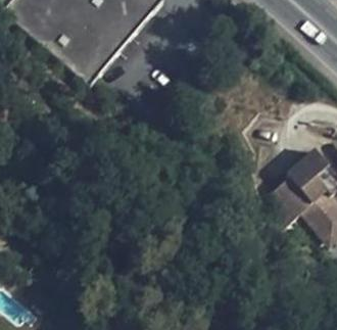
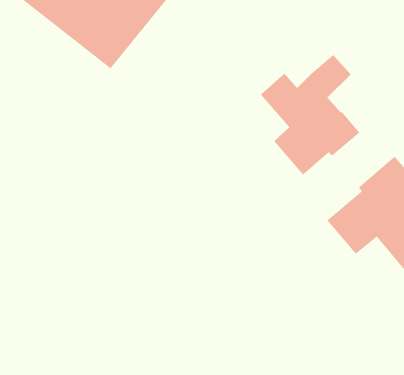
building: none -> [260,54,360,176]

